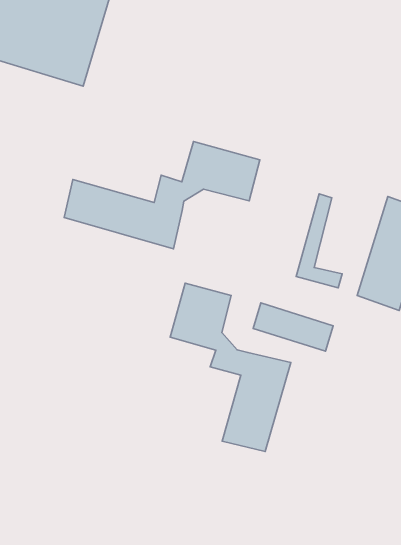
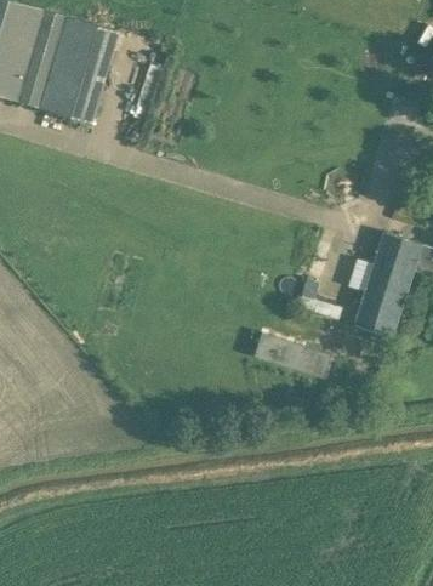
building: [64,142,260,249] -> none
building: [170,283,291,451] -> none

